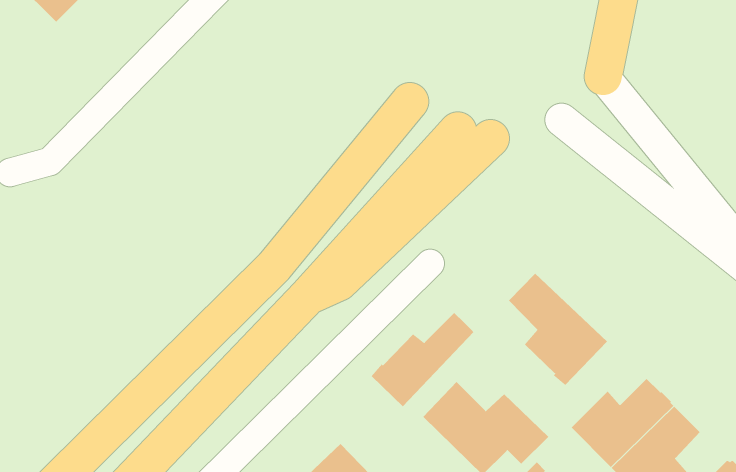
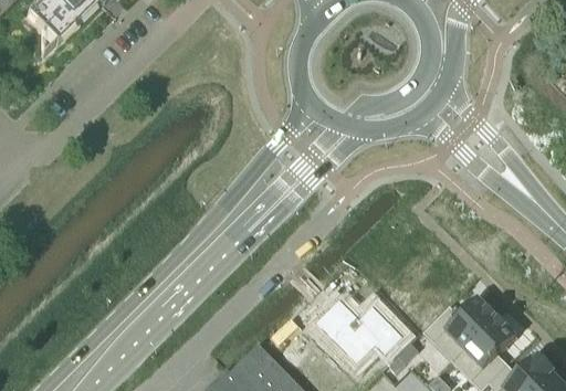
building: [508,273,608,386] -> none
building: [371,312,475,407] -> none

